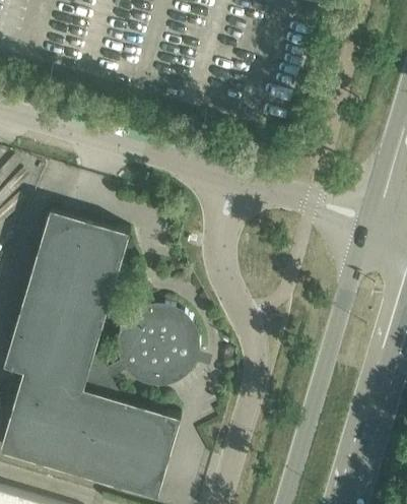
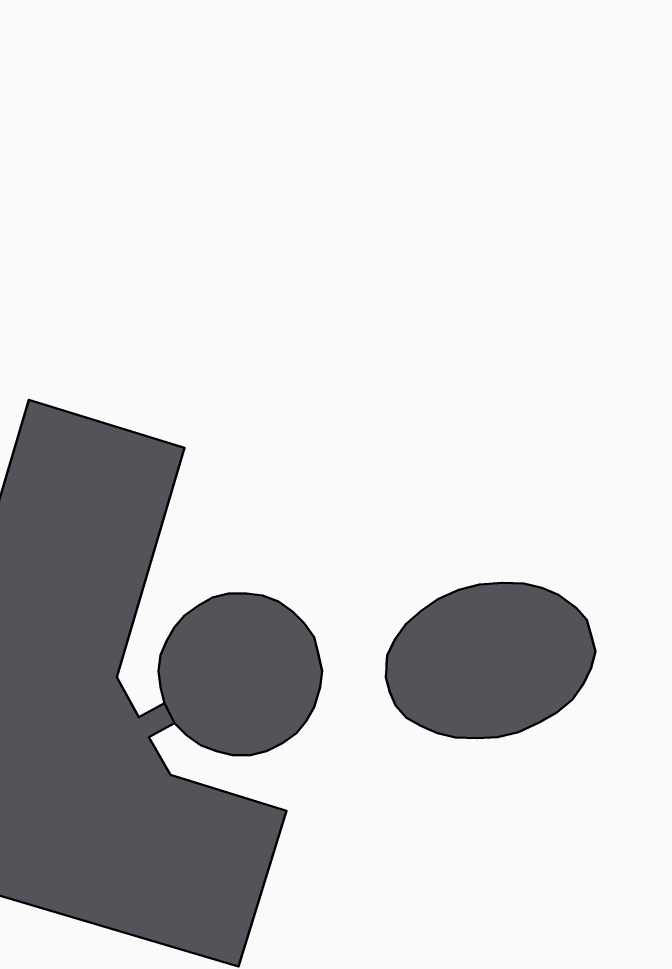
building: none -> [386,583,595,738]

